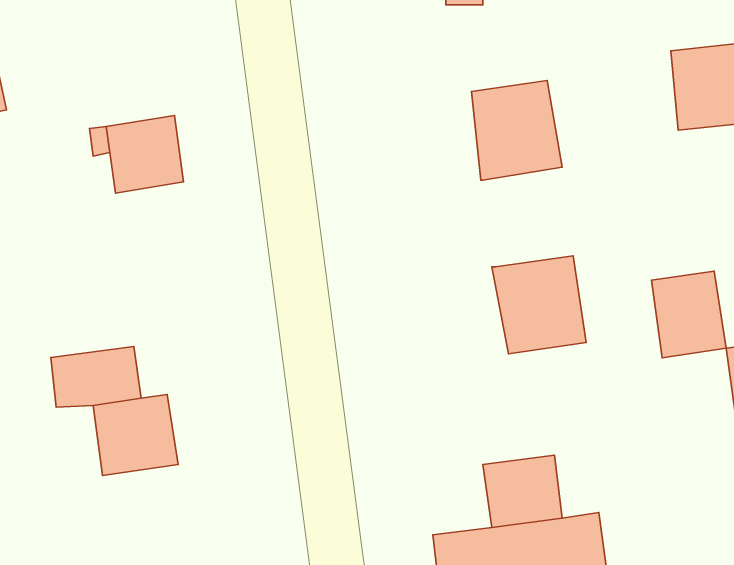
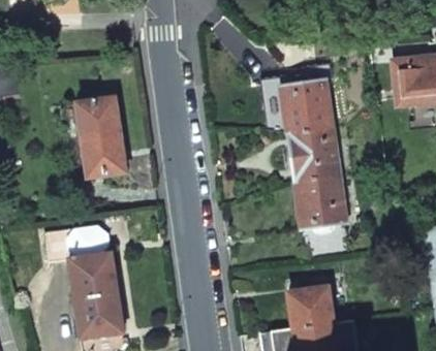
building: none -> [287,126,339,182]
building: none -> [83,134,126,178]
building: [652,271,726,358] -> none
building: none -> [75,292,124,338]

